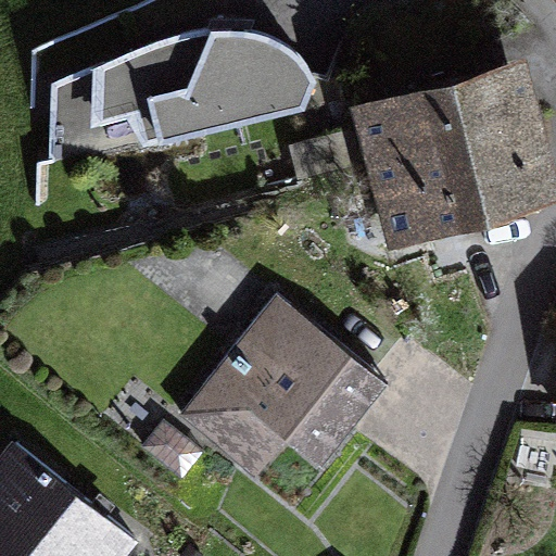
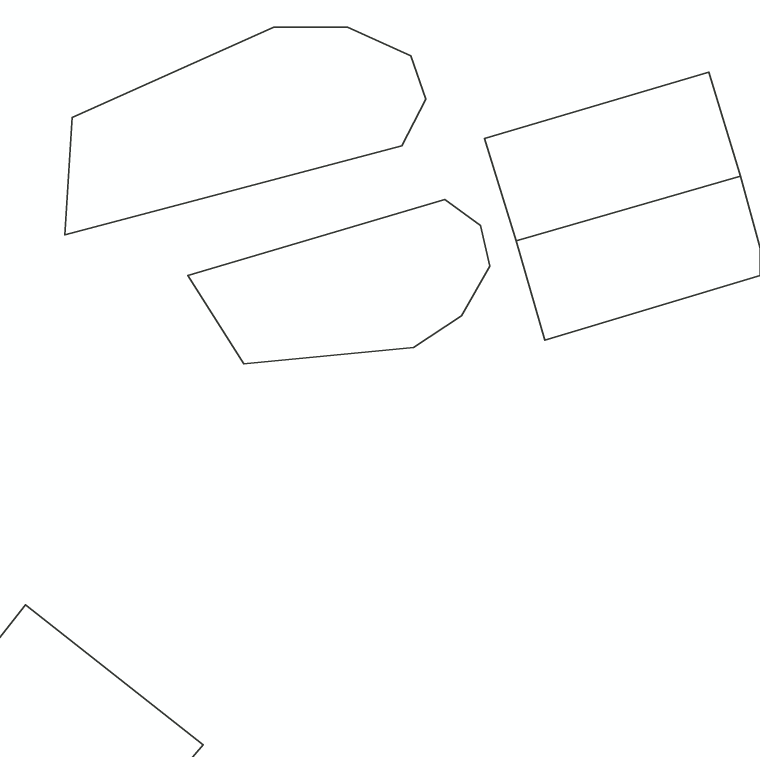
building: none -> [188,200,490,364]
building: [168,291,393,490] -> none

